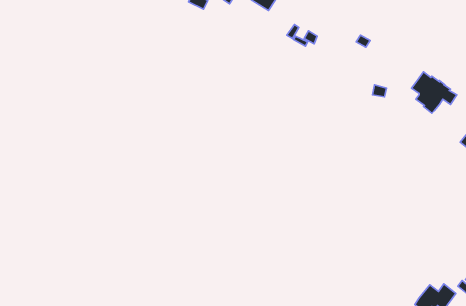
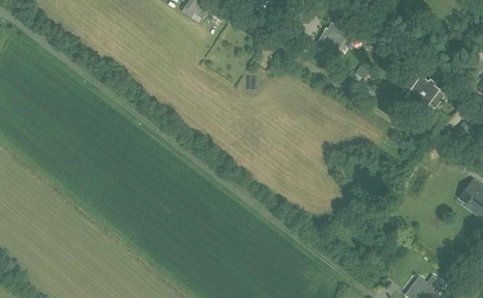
building: none -> [321,22,348,56]

